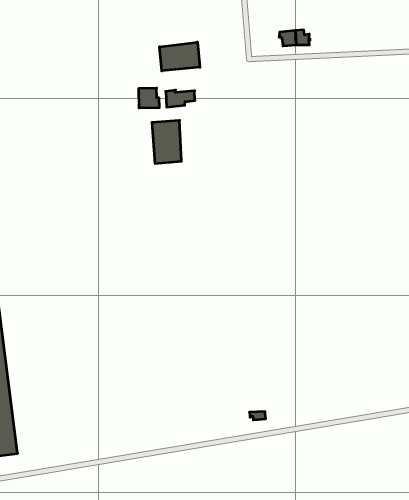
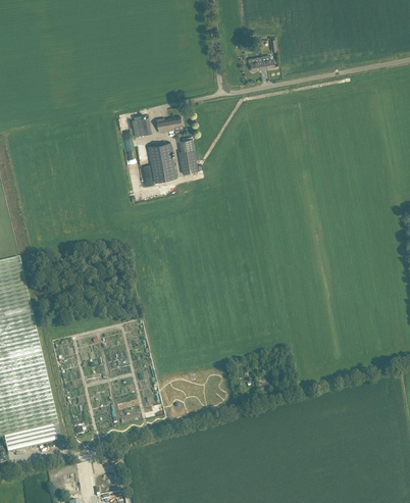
building: [160,42,200,71] -> none
building: none -> [178,139,198,173]

